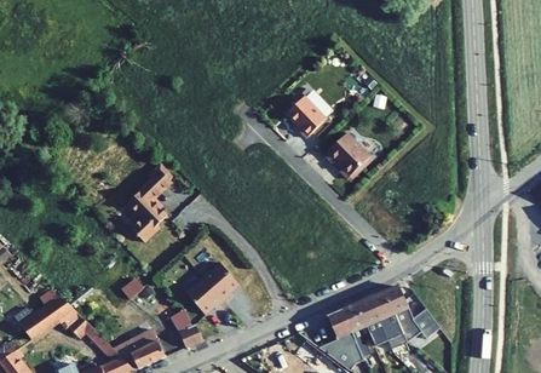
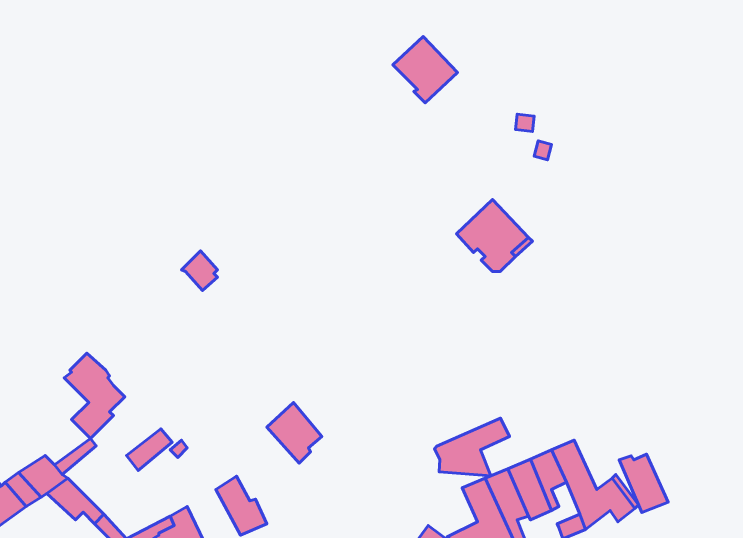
building: [286,94,327,137] -> [393,36,457,103]
building: [128,186,167,241] -> [64,353,125,438]
building: none -> [435,418,509,476]
building: [186,277,224,312] -> none
building: none -> [619,454,668,513]

